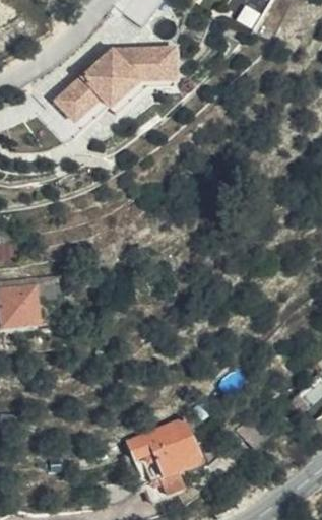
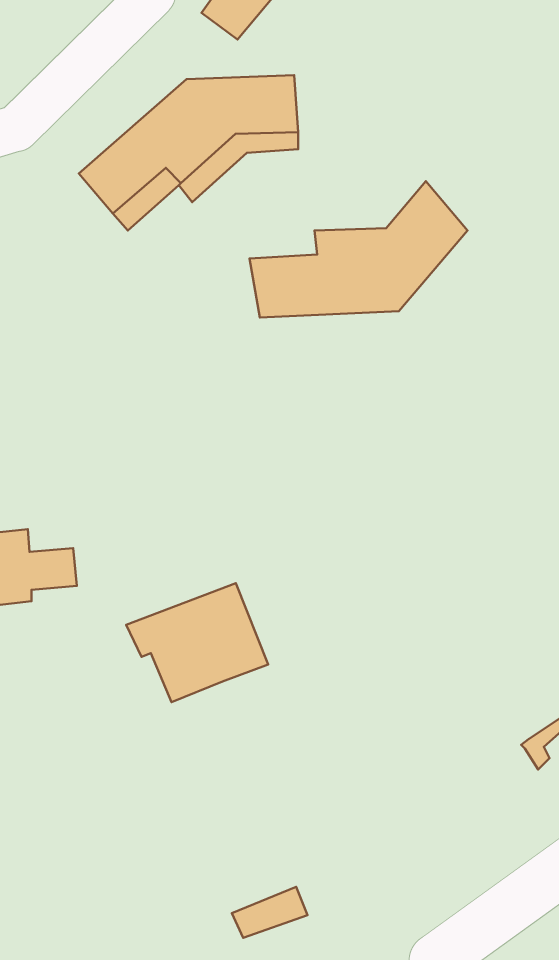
building: none -> [250,181,467,317]
building: [124,417,200,481] -> [126,583,268,702]

